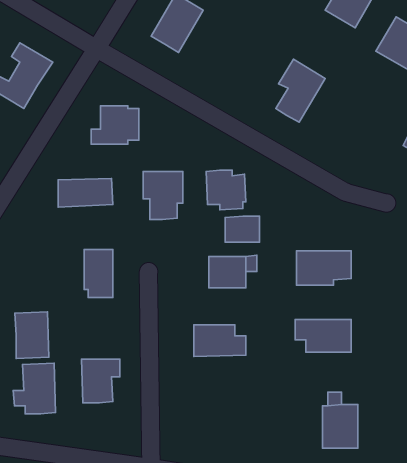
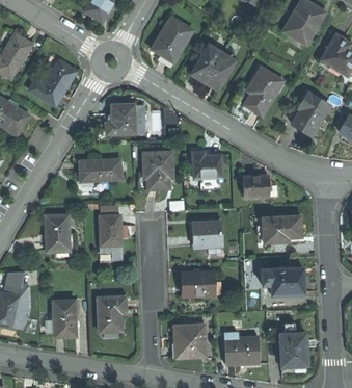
building: none -> [192,47,236,93]
building: none -> [293,95,330,137]
building: [225,216,259,242] -> [245,178,271,198]
building: [15,312,49,358] -> [44,214,70,250]
building: none -> [174,324,207,356]
building: none -> [224,330,258,363]

